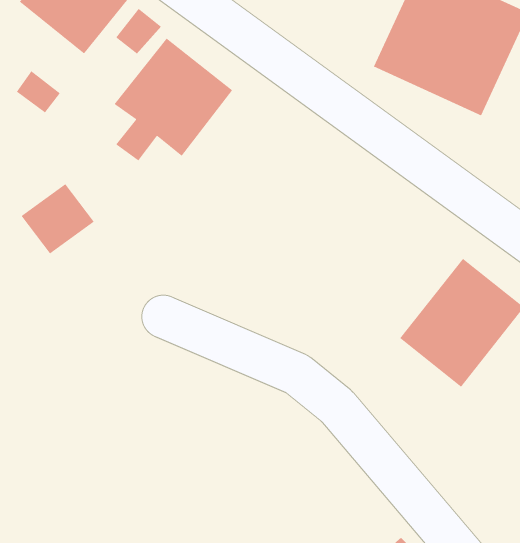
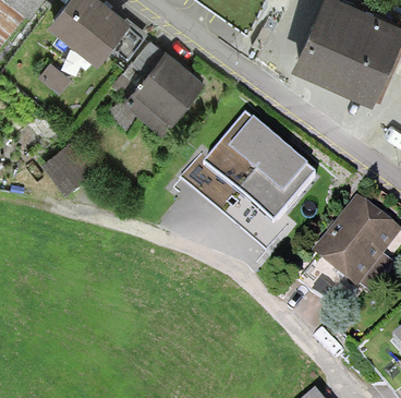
building: none -> [180,116,318,254]

